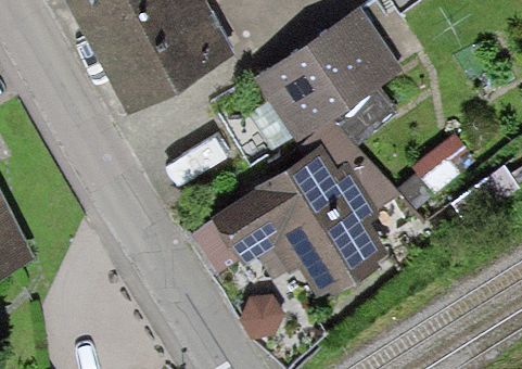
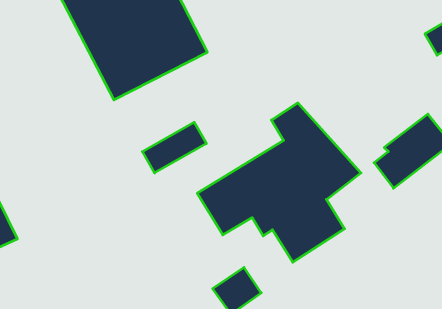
building: [263,12,400,133] -> none

